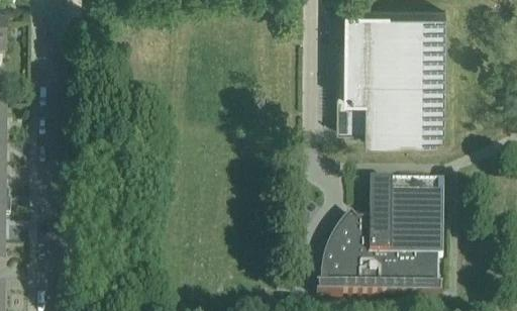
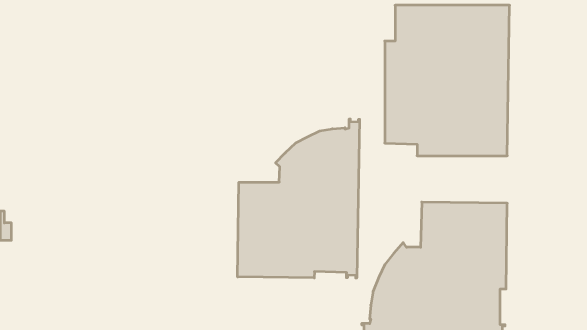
building: none -> [238,119,360,278]

